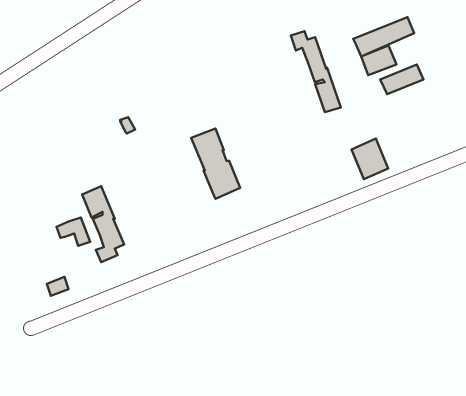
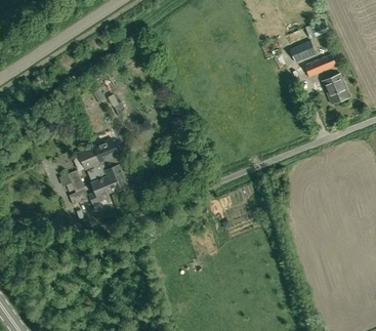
building: [291,31,341,112] -> none
building: [191,128,240,199] -> [92,141,129,195]
building: [352,139,388,179] -> [322,75,349,106]

